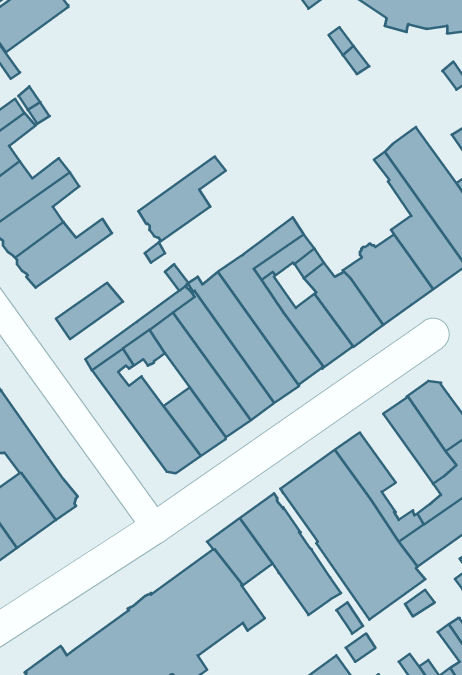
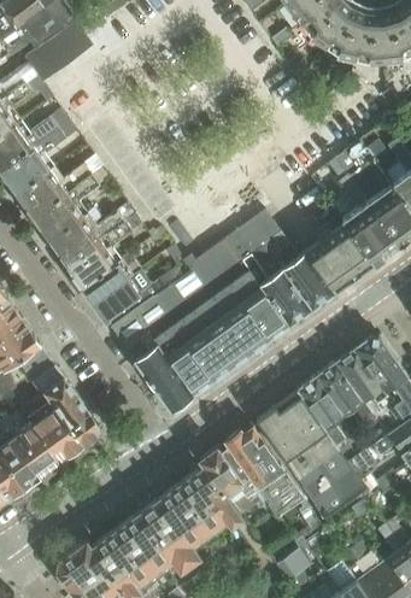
building: [138,157,226,242] -> [66,222,134,288]
building: none -> [93,275,145,319]
building: none -> [317,362,380,432]

